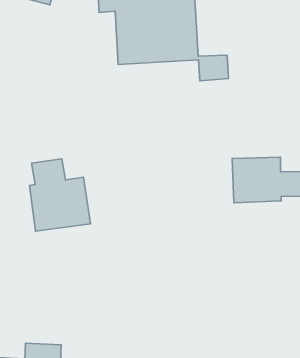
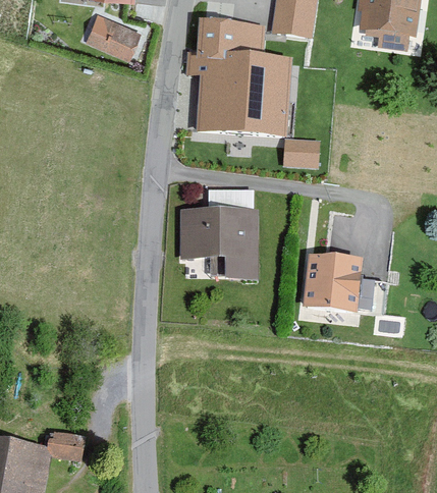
building: none -> [180,187,259,280]
building: [30,159,91,231] -> none

